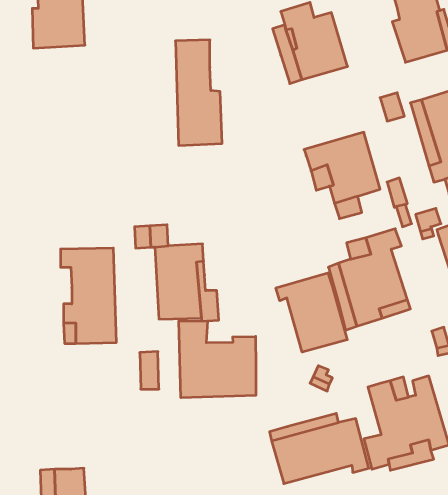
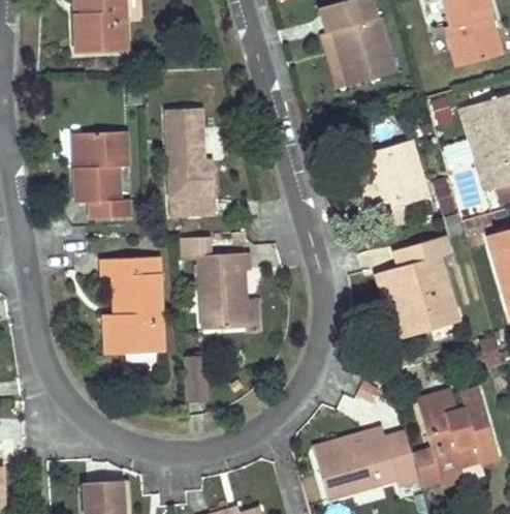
building: [175,40,222,145] -> [168,107,216,214]
building: none -> [75,131,128,217]
building: [276,273,347,352] -> none
building: [179,321,256,398] -> none

